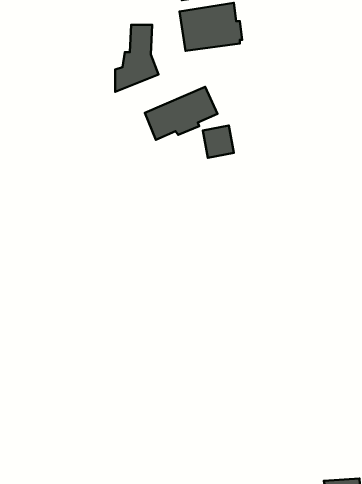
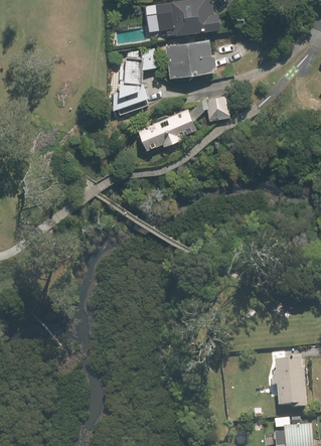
building: [203,126,234,158] -> [204,93,229,119]
building: none -> [274,359,306,411]

